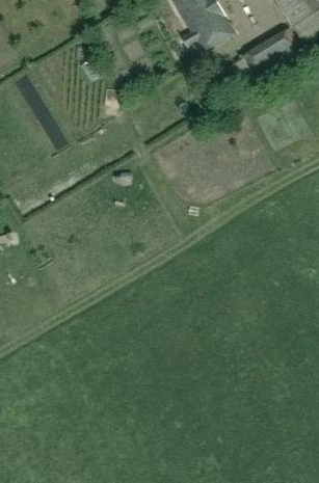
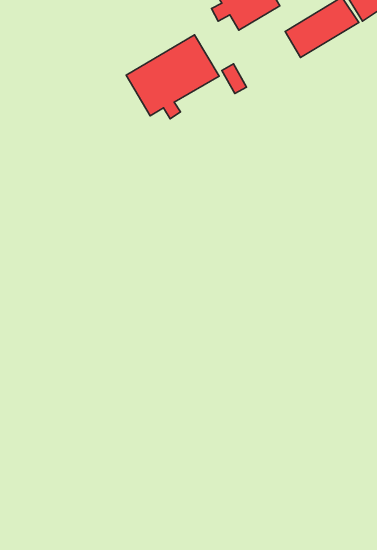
building: none -> [126,35,219,119]

